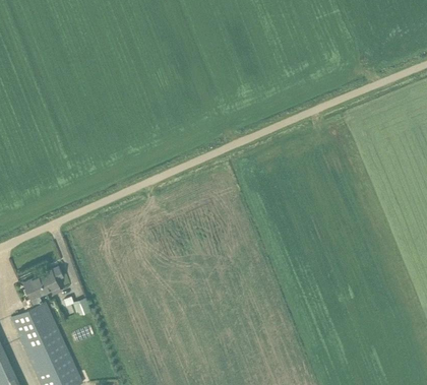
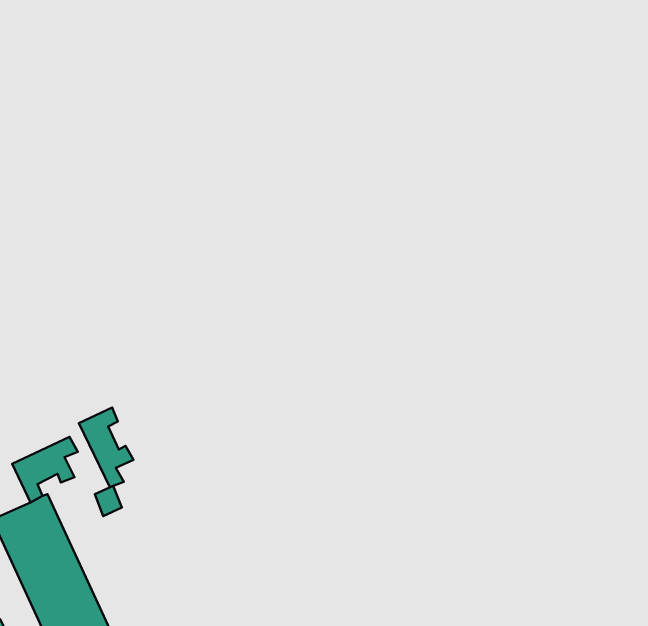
building: none -> [79,407,133,487]

